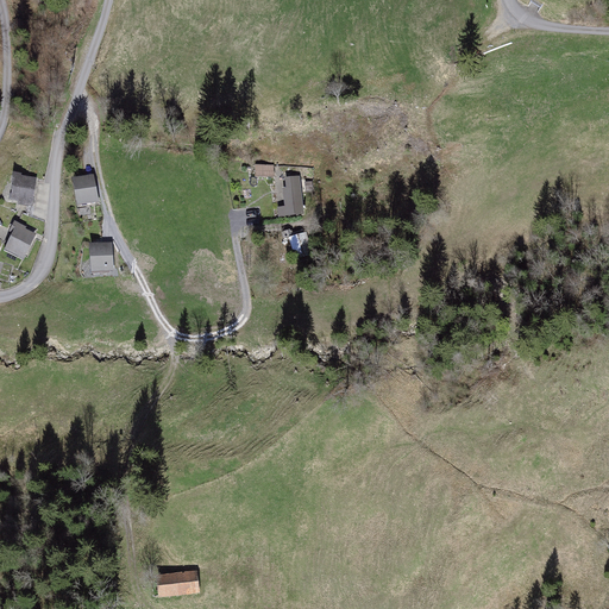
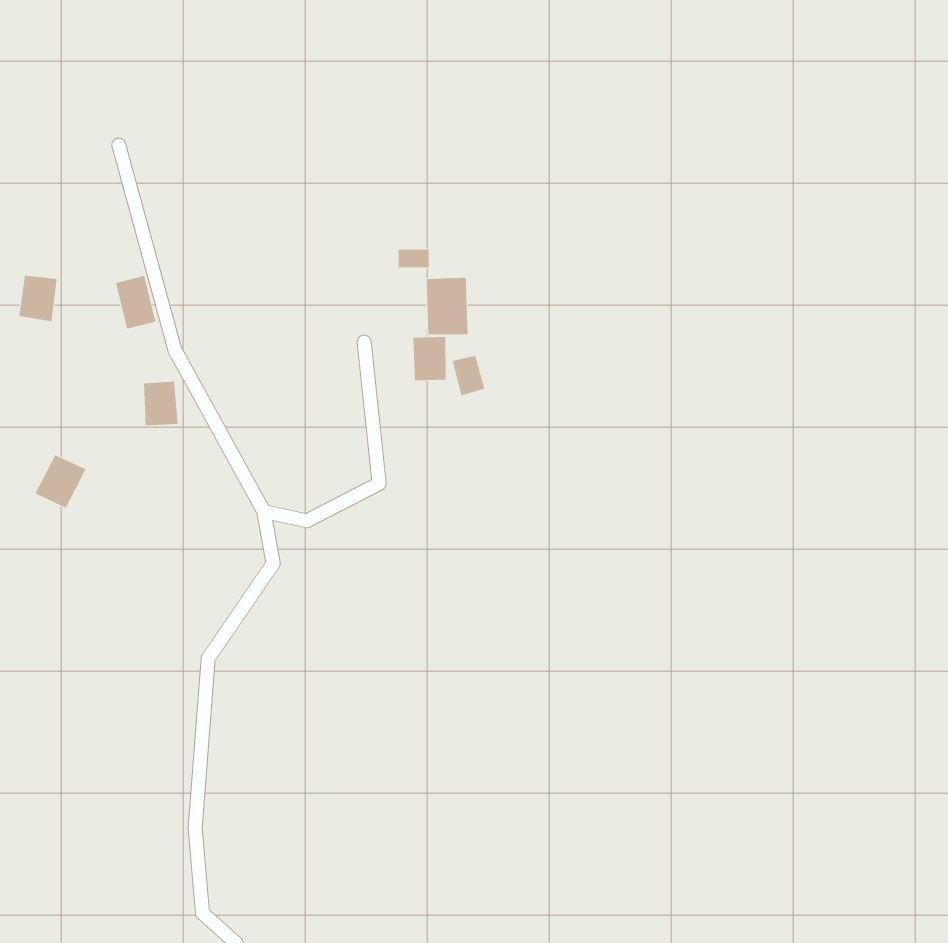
building: none -> [413,336,446,381]
building: [6,225,39,259] -> [34,454,86,508]
building: [149,566,195,596] -> none

